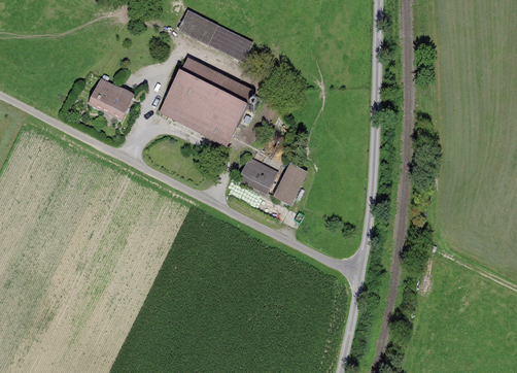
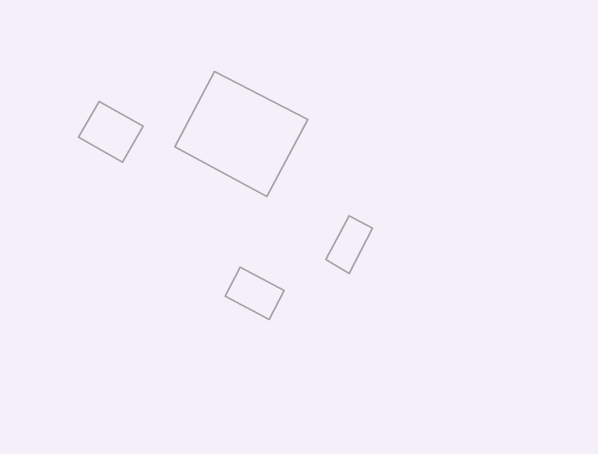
building: [176,6,251,61] -> none
building: [236,155,280,194] -> [225,267,284,319]

